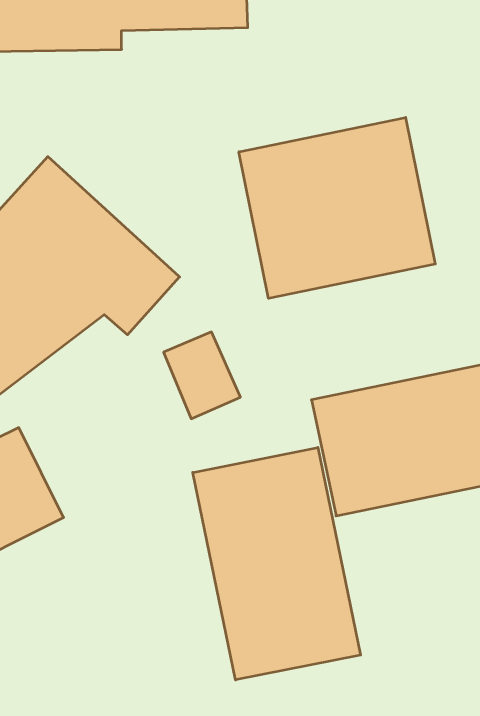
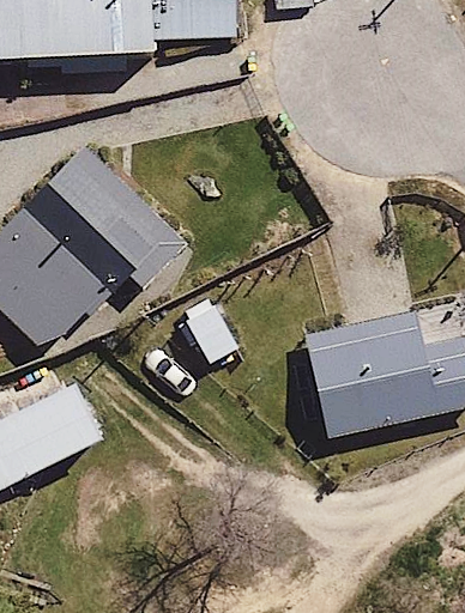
building: [239,117,435,298] -> none
building: [193,447,361,680] -> none

